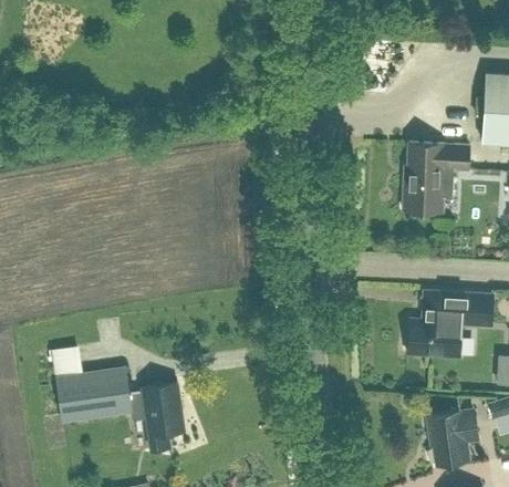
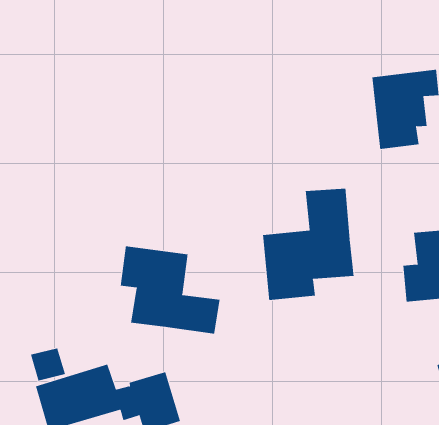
building: none -> [262,188,354,301]
building: none -> [120,246,220,334]

